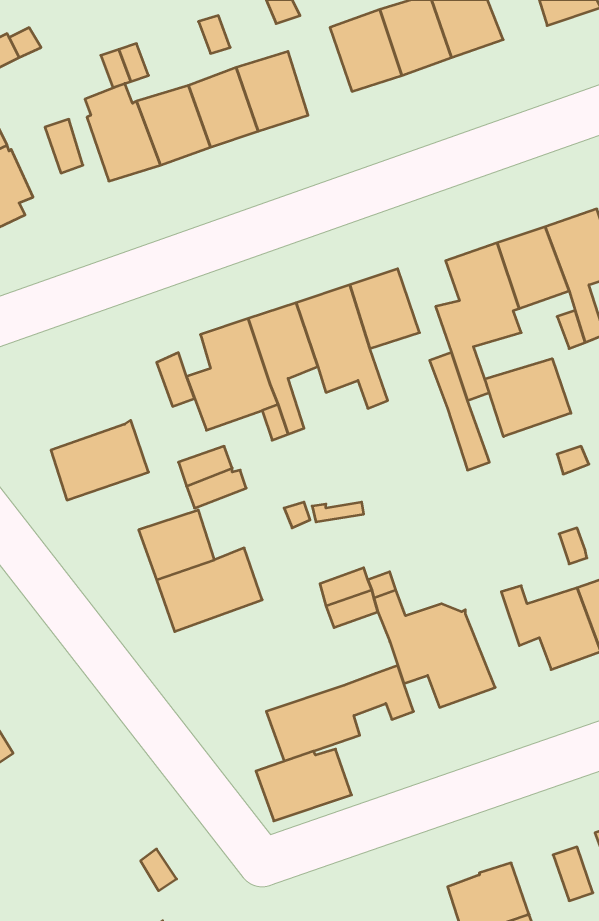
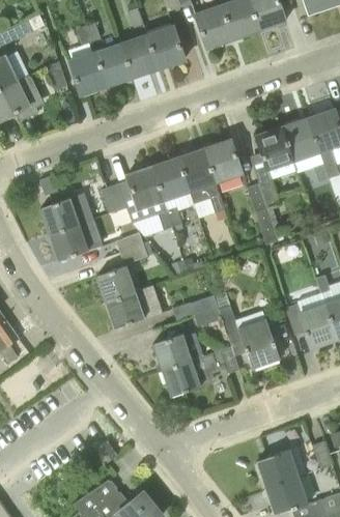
building: [485,359,571,437] -> none
building: none -> [40,194,88,234]
building: [256,749,352,821] -> [152,333,202,370]

